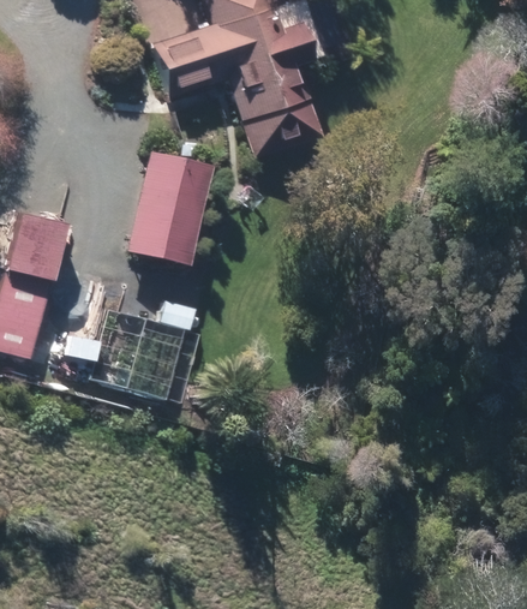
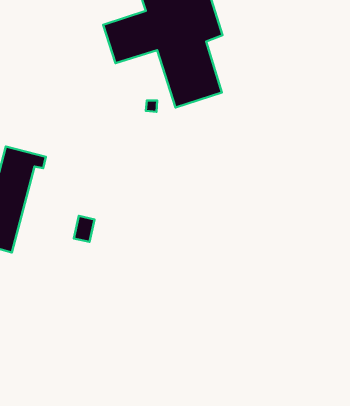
building: [127,151,210,267] -> none

